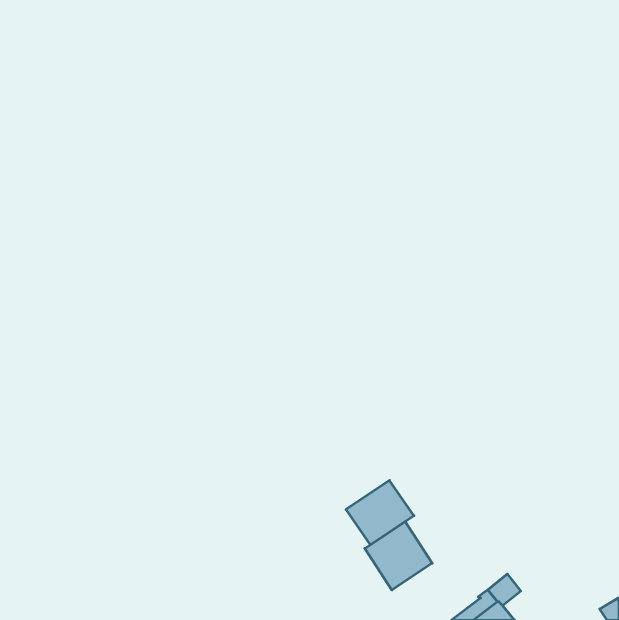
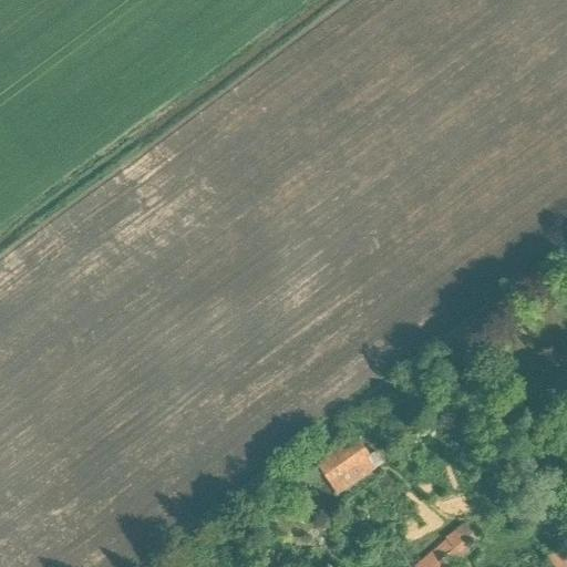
building: [365,522,432,590] -> none

